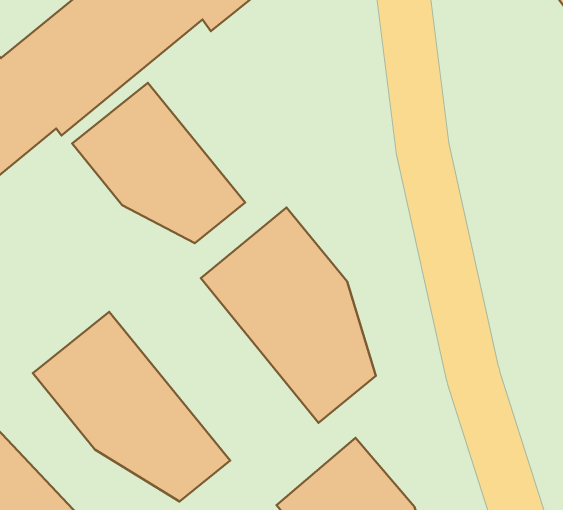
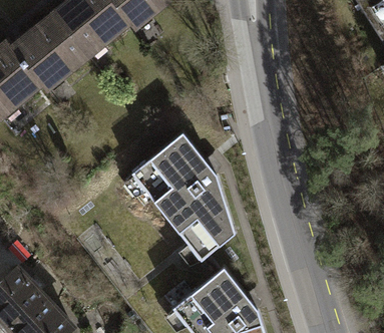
building: [72,83,245,243] -> none
building: [33,312,230,501] -> none

